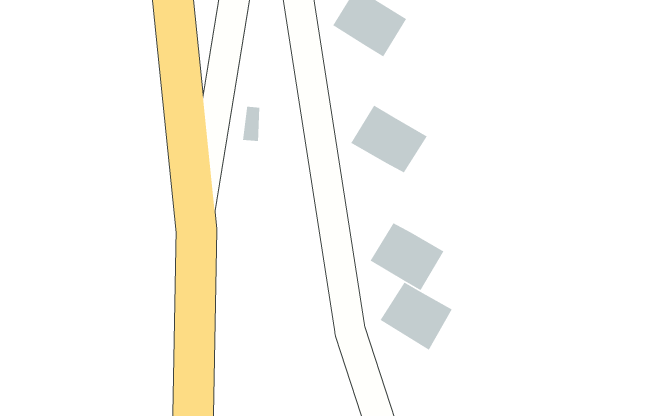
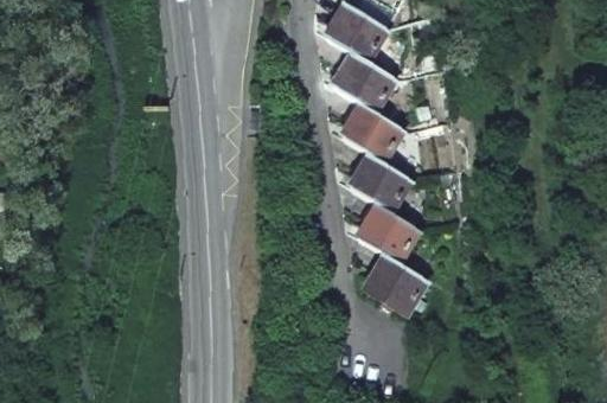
building: none -> [331,52,396,113]
building: none -> [349,153,413,211]

